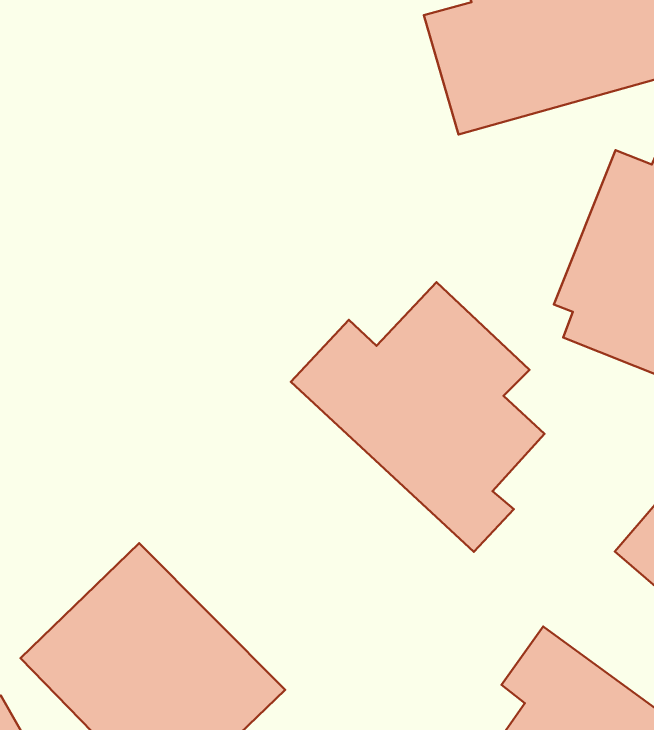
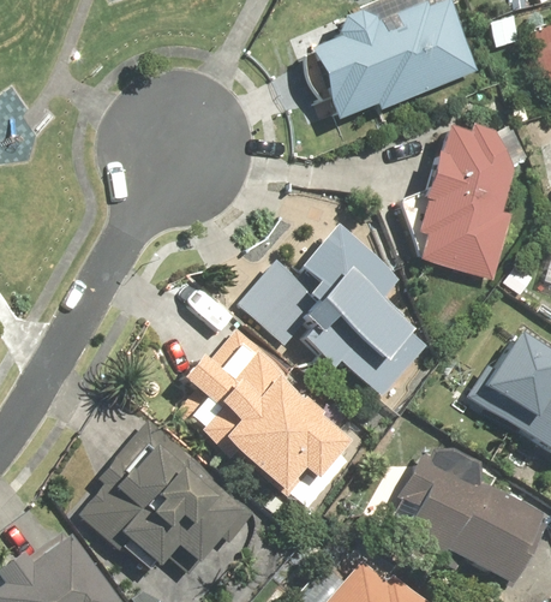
building: none -> [175,324,349,494]

